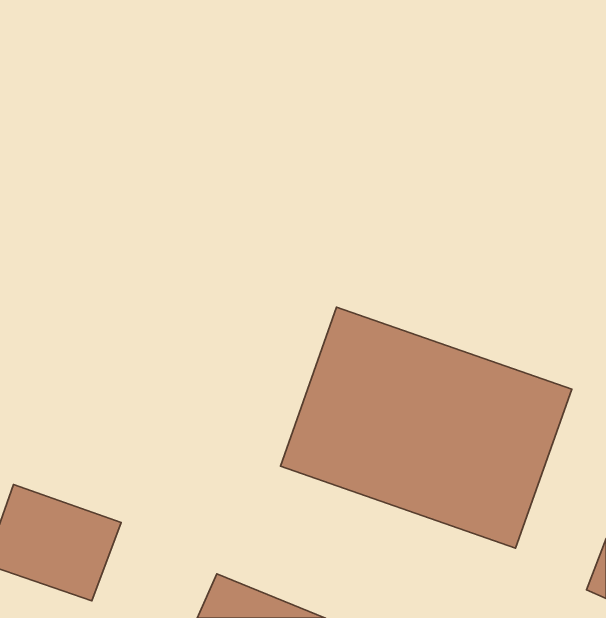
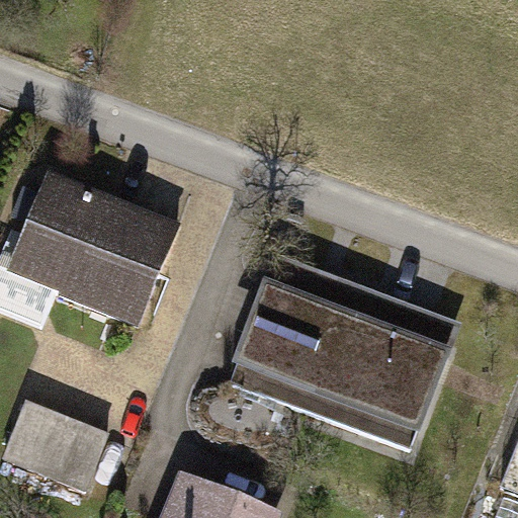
building: none -> [5,169,187,331]

